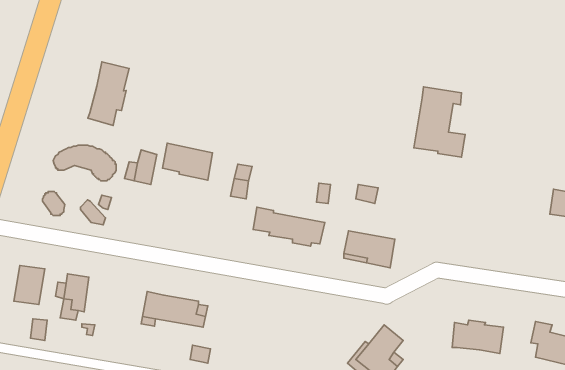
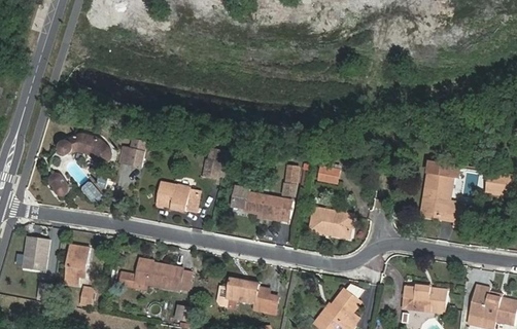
building: [88,62,129,126] -> none
building: [414,87,465,157] -> [421,161,466,222]
building: [162,143,213,180] -> [157,182,200,214]
building: none -> [227,278,269,312]

